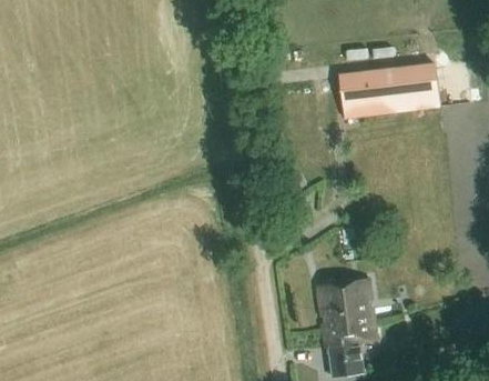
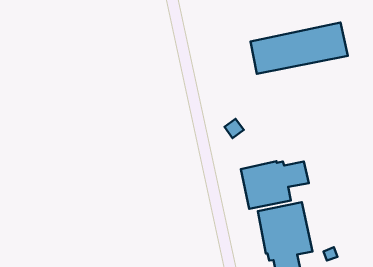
building: none -> [241,161,309,209]

